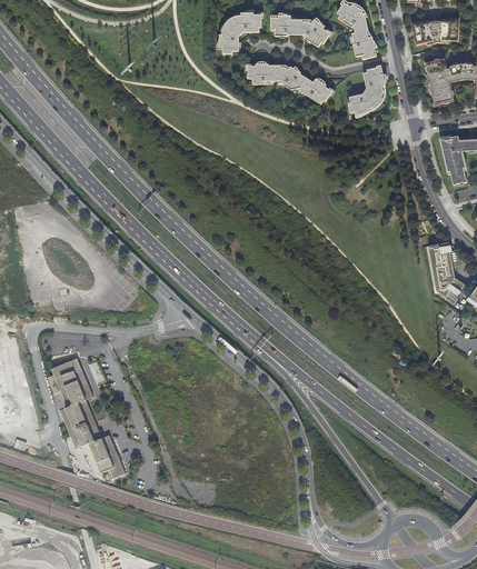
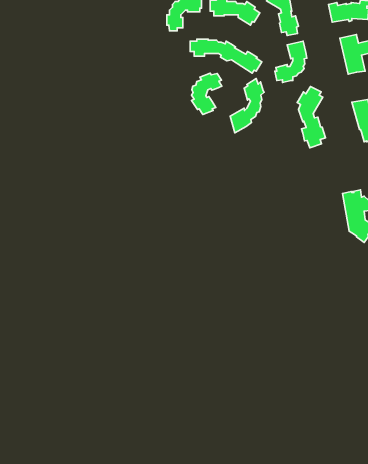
building: none -> [191,73,222,115]
building: none -> [230,78,264,133]
building: none -> [297,86,326,148]
building: [49,358,126,479] -> none

